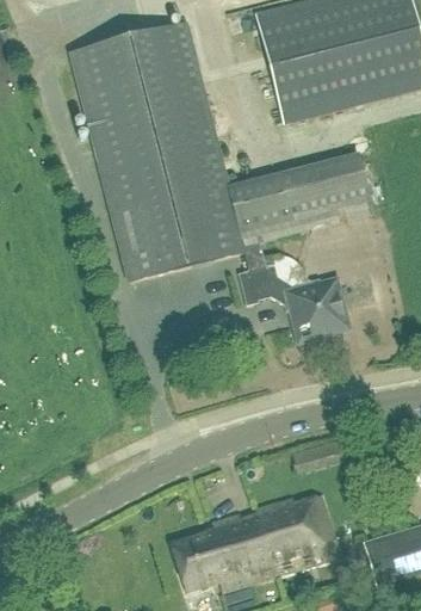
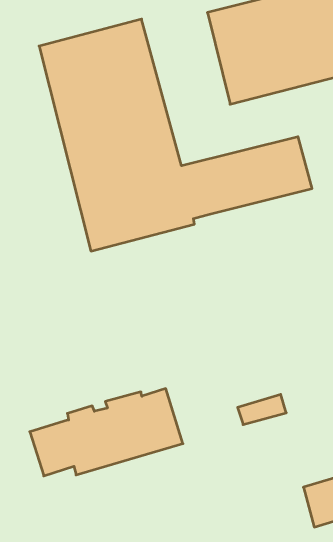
building: [239,240,343,337] -> none
building: [171,494,340,591] -> [30,389,183,476]

